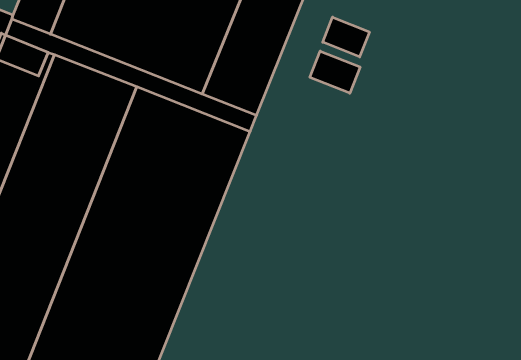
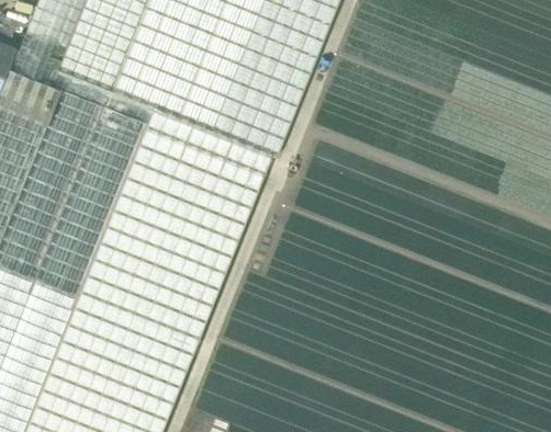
building: [323,17,369,57] -> none
building: [310,51,360,93] -> none

